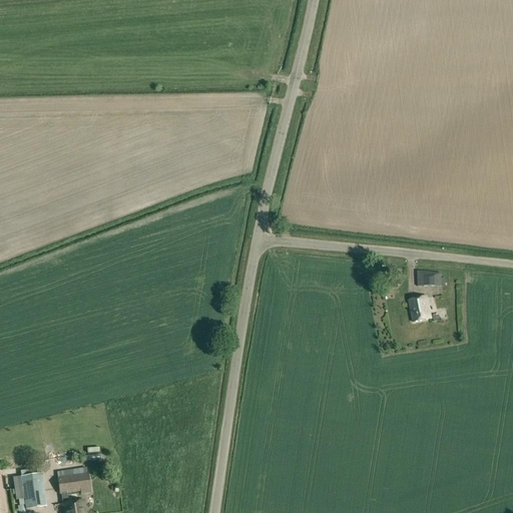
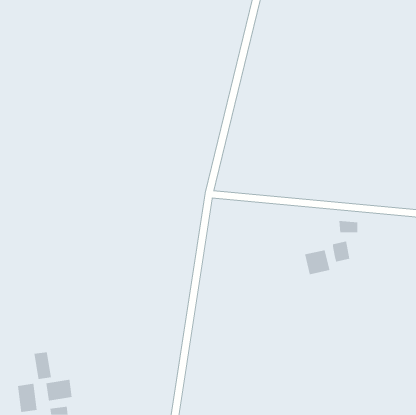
building: none -> [304,249,330,275]
building: none -> [34,351,51,380]

